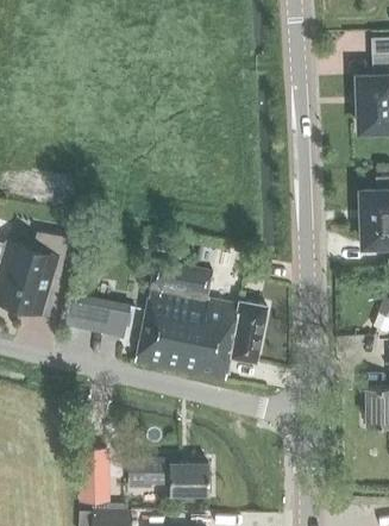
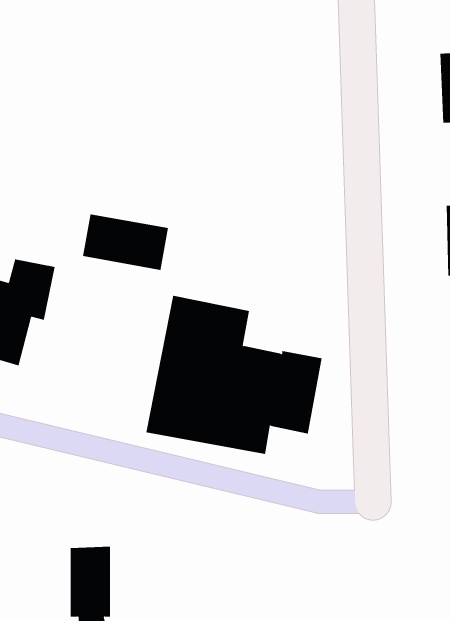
building: [65,295,131,338] -> [82,214,169,271]
building: [143,462,208,495] -> none

